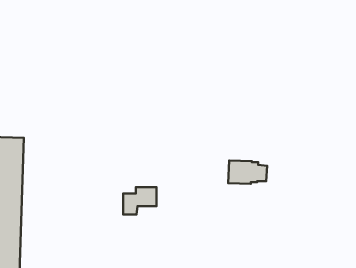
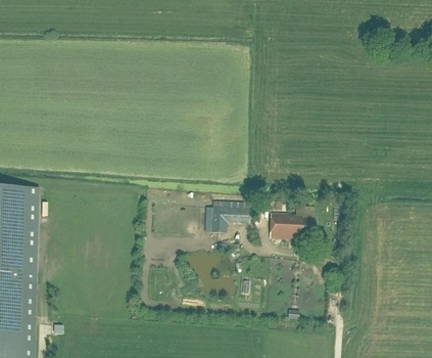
building: [123,187,157,214] -> [209,200,247,231]

